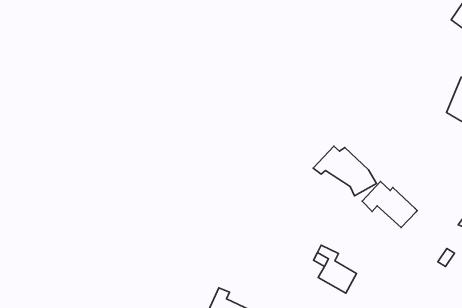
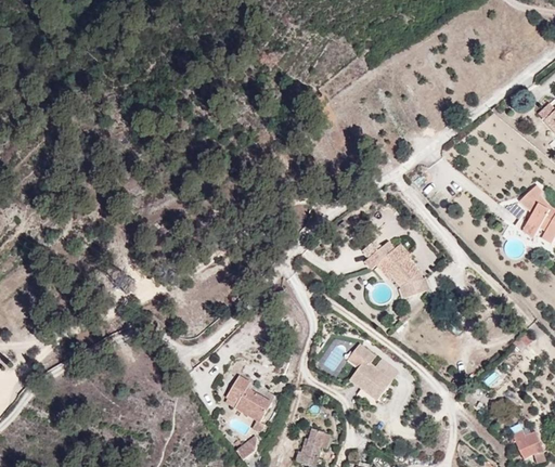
building: [362,181,417,227] -> none

